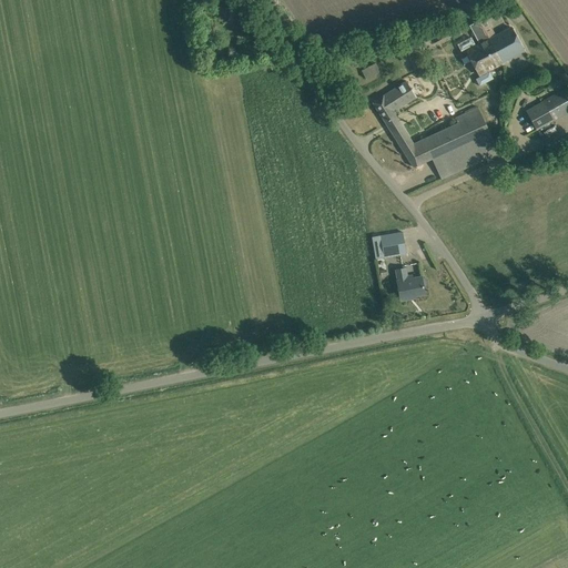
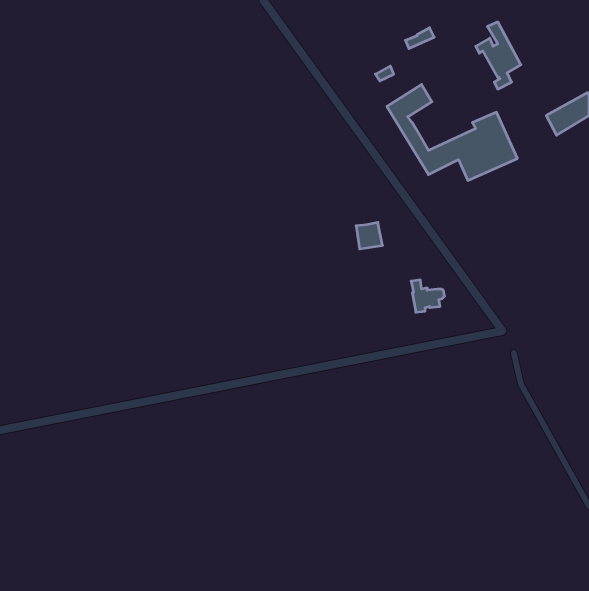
building: [478,17,523,62] -> none
building: [379,232,405,257] -> [356,222,383,249]

